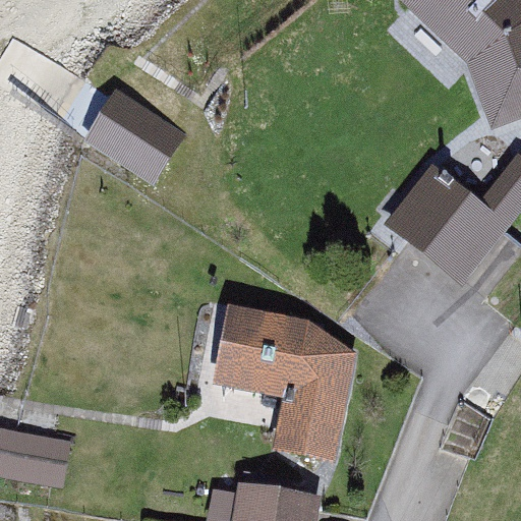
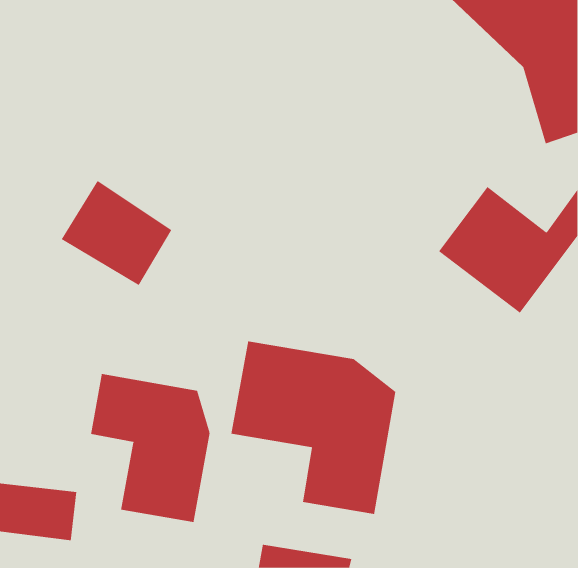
building: [85,90,185,184] -> [61,180,172,286]
building: none -> [90,373,210,523]

